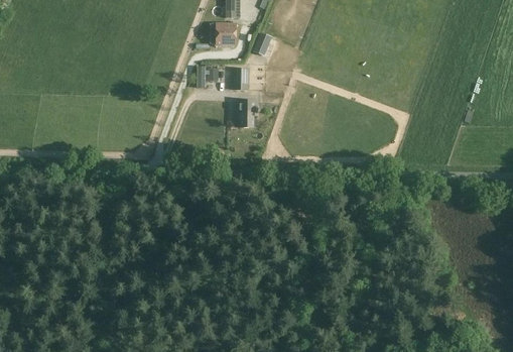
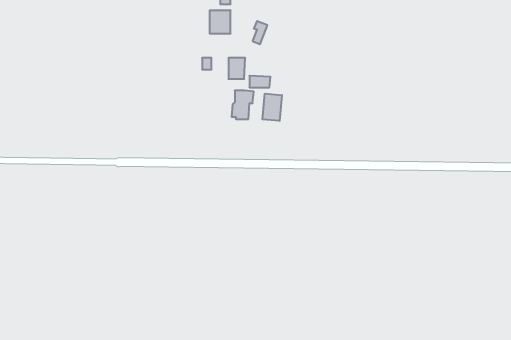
building: none -> [263,94,282,121]

